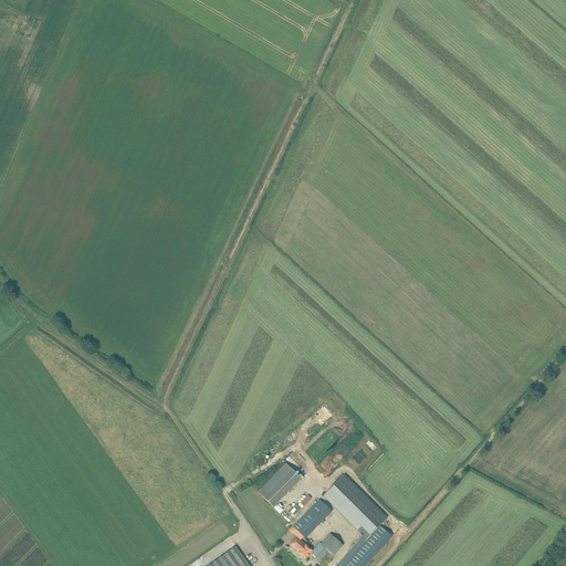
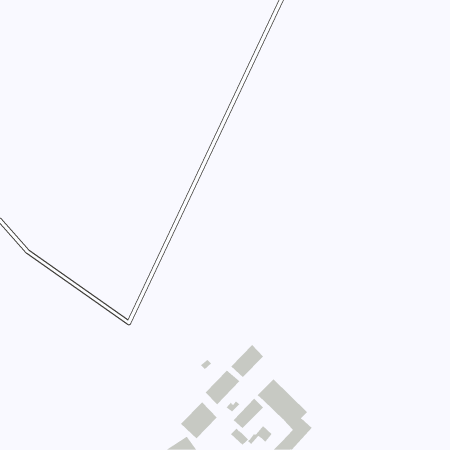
building: none -> [231,344,264,378]
building: none -> [180,401,217,439]

